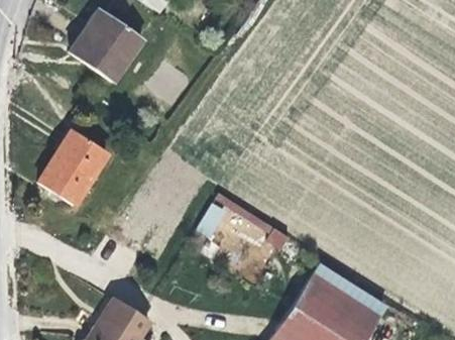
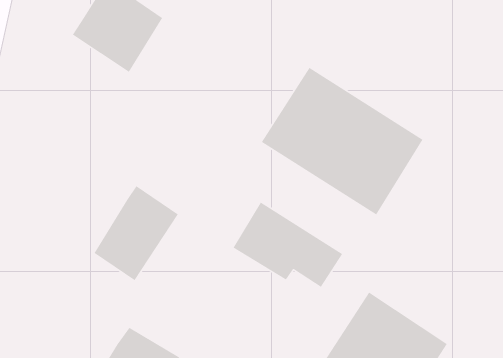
building: none -> [261,67,424,215]
building: [35,132,106,212] -> [94,185,179,281]

